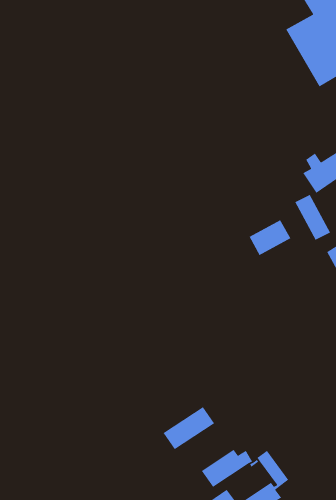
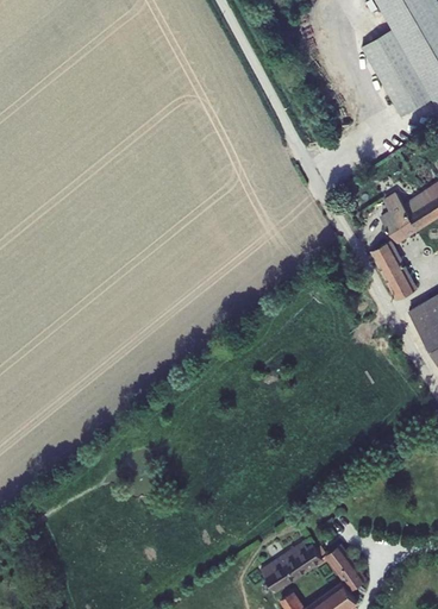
building: [248,219,292,256] -> none
building: [162,406,215,450] -> none

